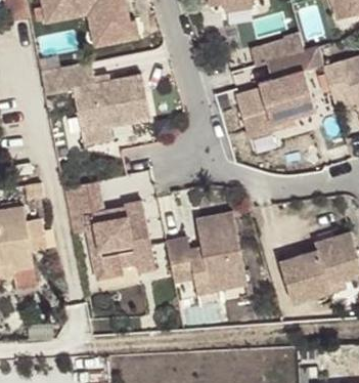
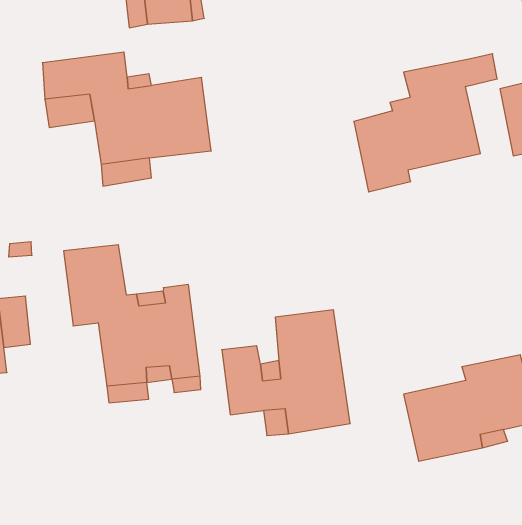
building: [252,31,306,65] -> none

